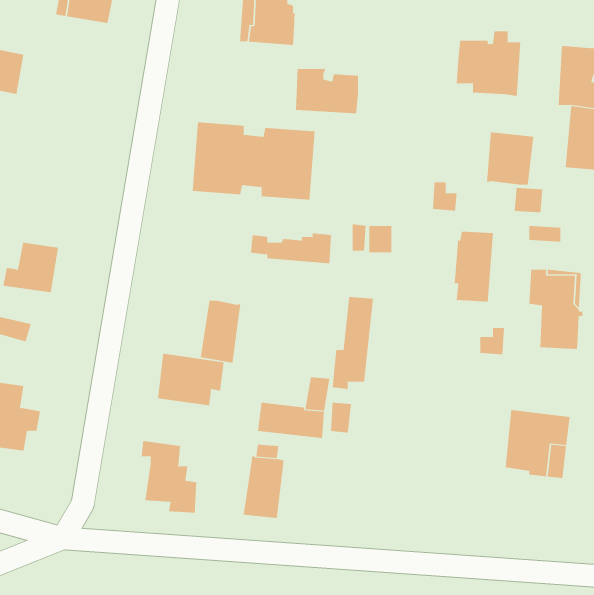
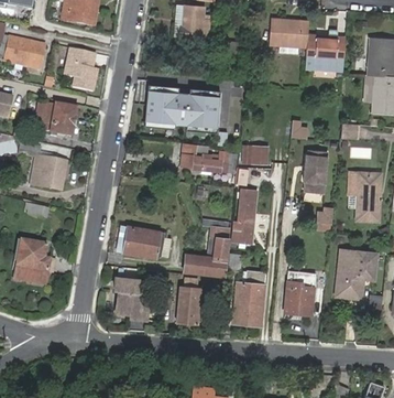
building: none -> [66,47,100,90]
building: [295,68,359,114] -> [270,19,308,46]
building: [487,131,534,185] -> none
building: none -> [40,103,80,136]
building: [200,300,241,364] -> none
building: none -> [236,270,267,325]
building: none -> [286,273,317,318]

